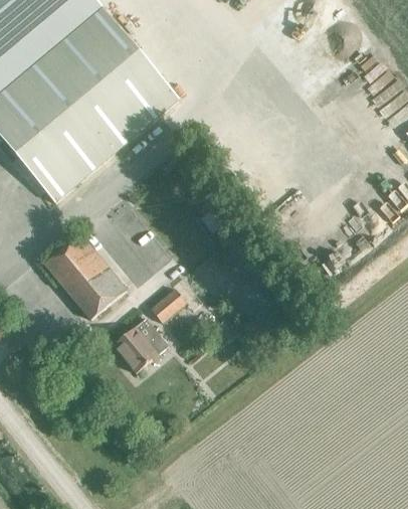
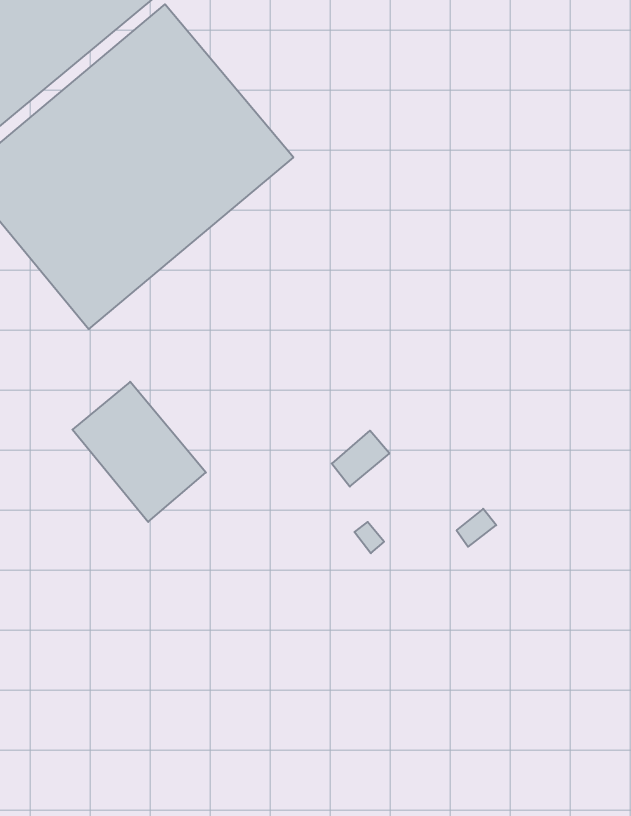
building: [151,289,186,323] -> [332,431,389,487]
building: [113,319,169,373] -> none

